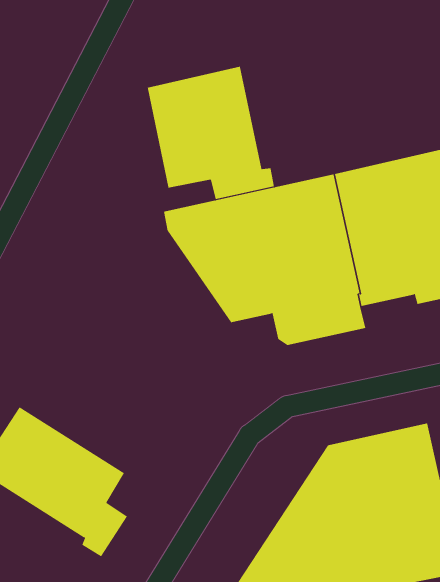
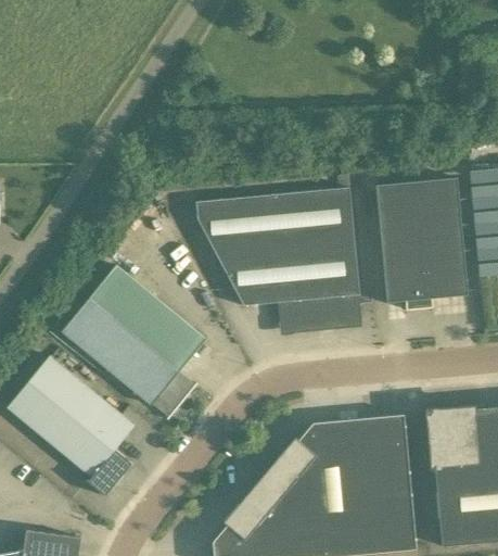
building: [147,66,274,200] -> none
building: none -> [61,265,206,420]

